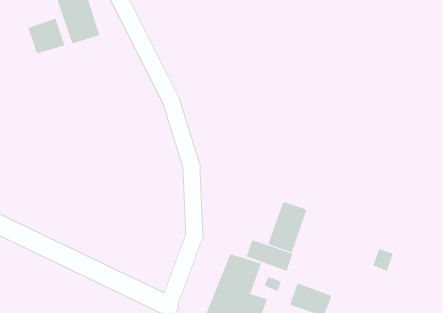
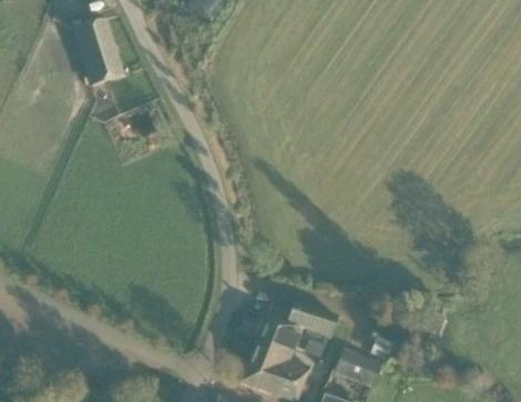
building: [27,18,65,54] -> none
building: [267,201,307,253] -> none

